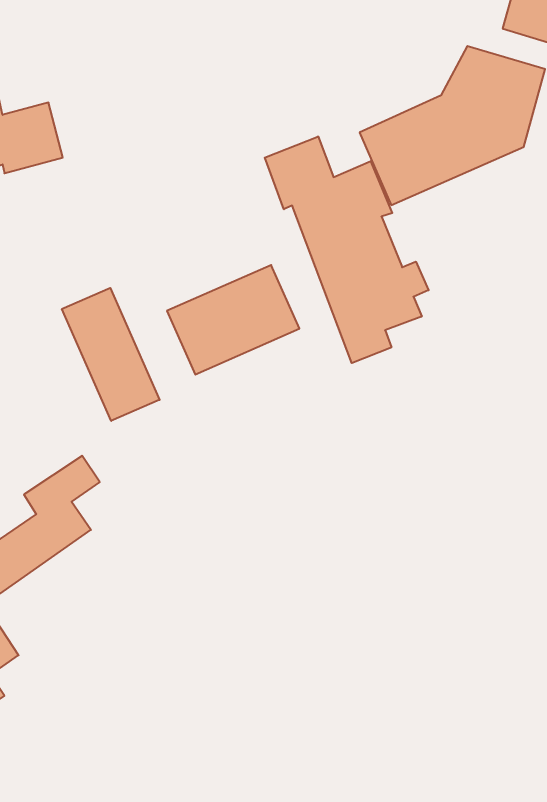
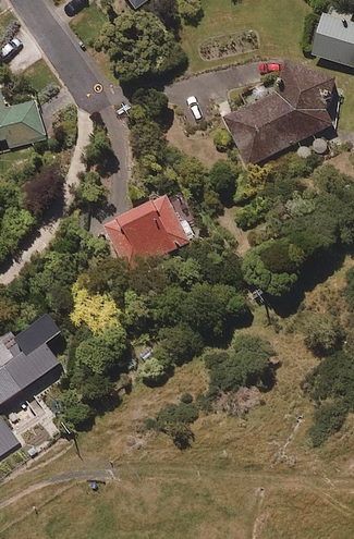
building: [265,136,429,363] -> none
building: [62,288,160,421] -> none

